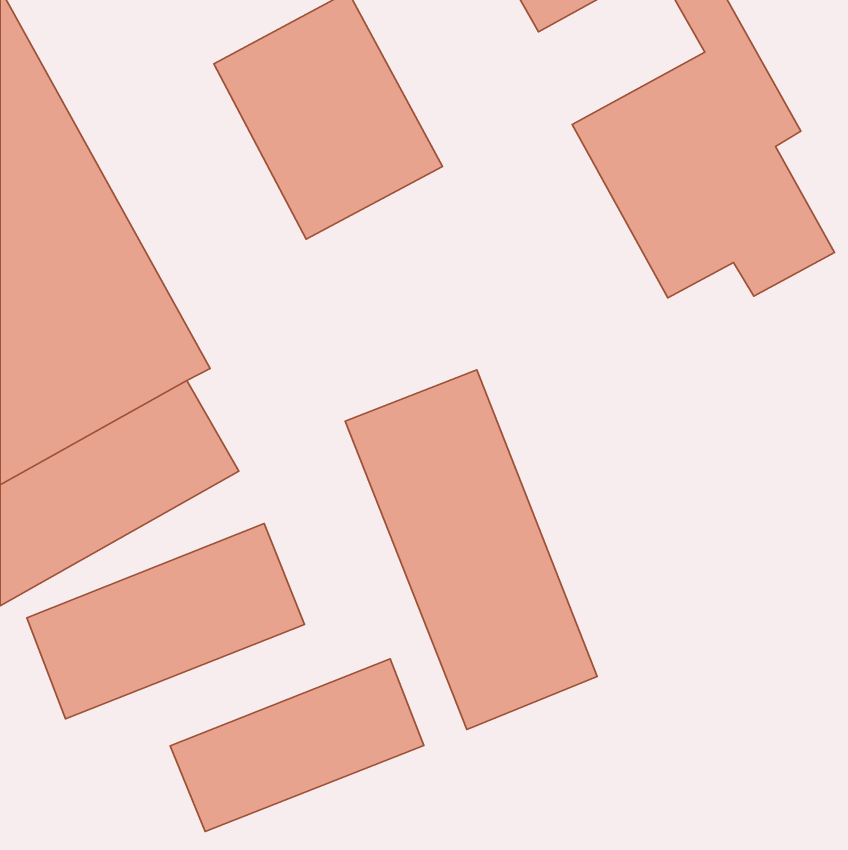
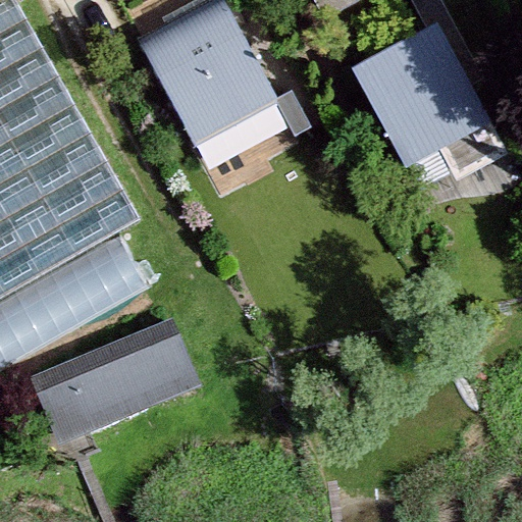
building: [345,370,597,729] -> none
building: [170,659,424,831] -> none

